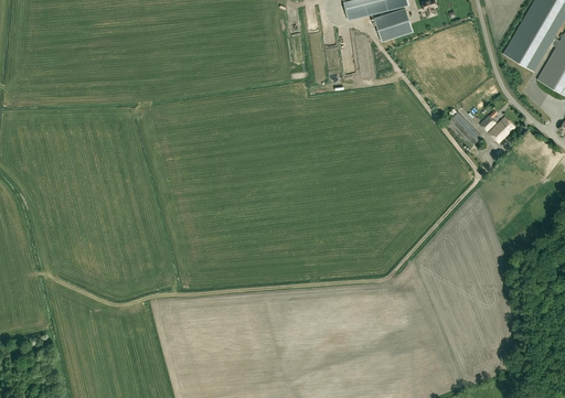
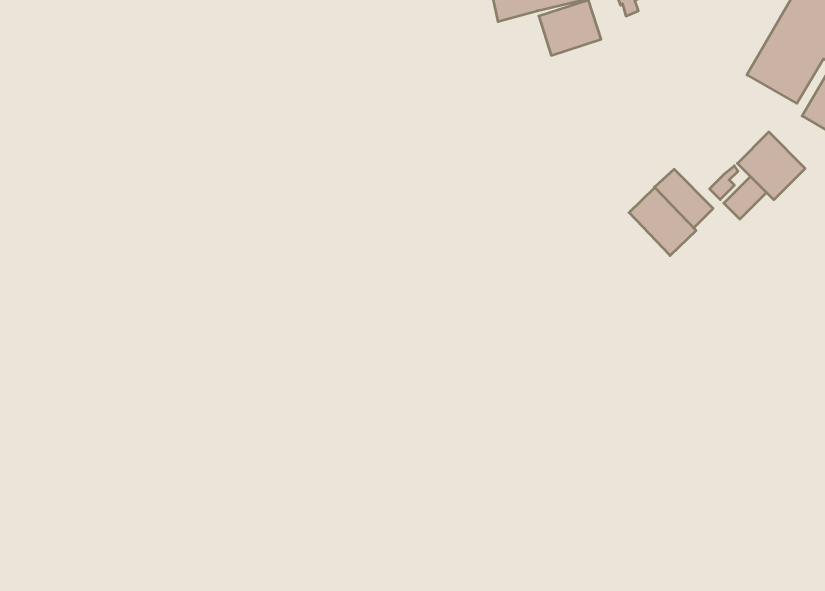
building: none -> [737,132,805,200]
building: none -> [629,188,696,256]

